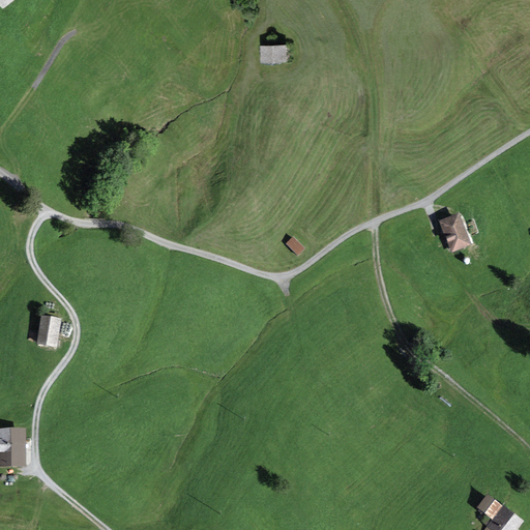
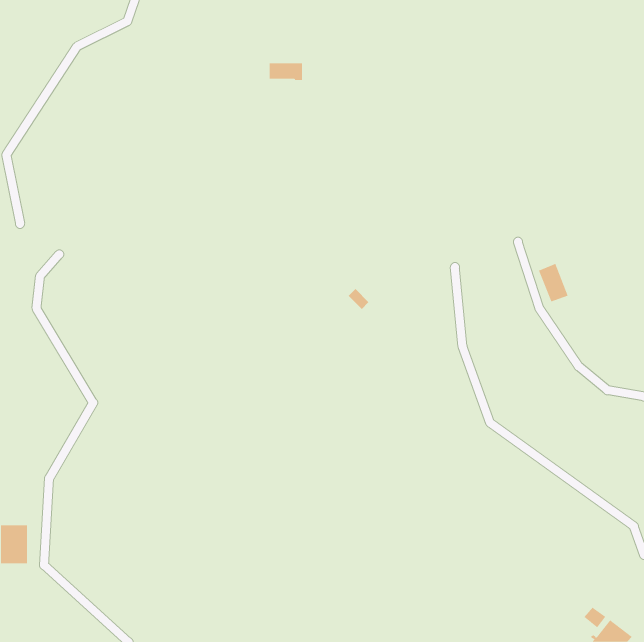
building: [262,46,290,60] -> [269,63,303,81]
building: [38,313,58,345] -> none

